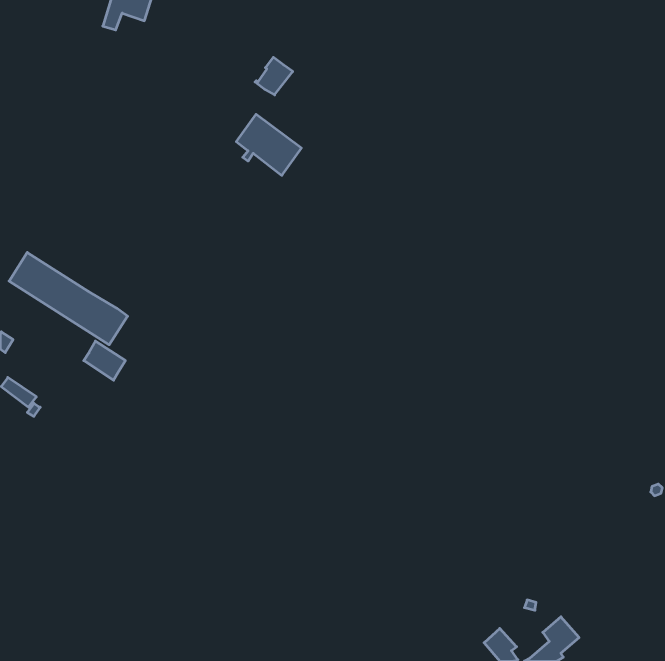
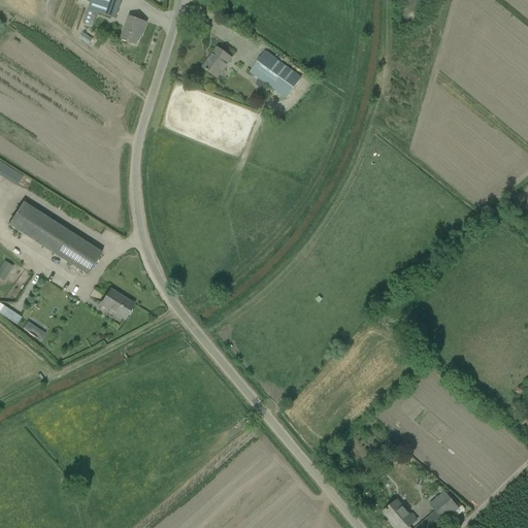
building: none -> [121,14,145,42]
building: [236,114,301,175] -> [250,48,301,97]
building: [84,341,125,380] -> [100,287,133,318]

